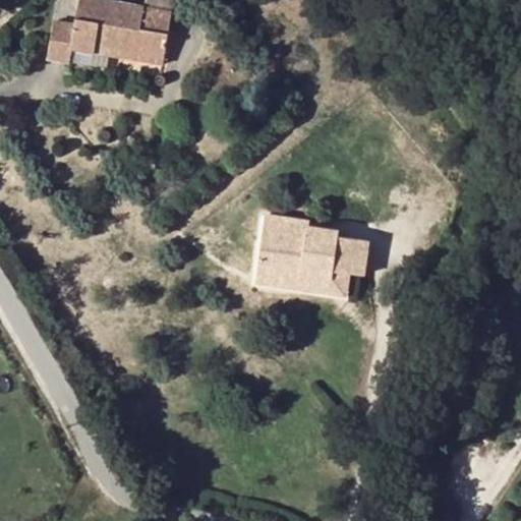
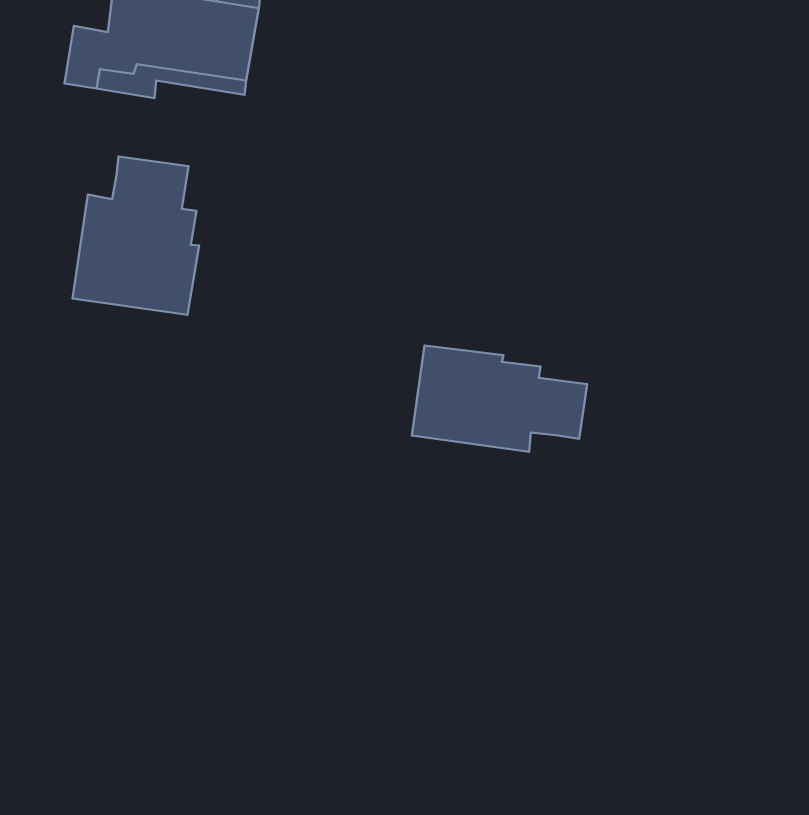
building: none -> [73,157,199,315]
building: [258,274,353,298] -> none

